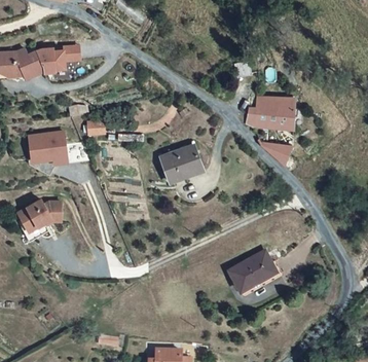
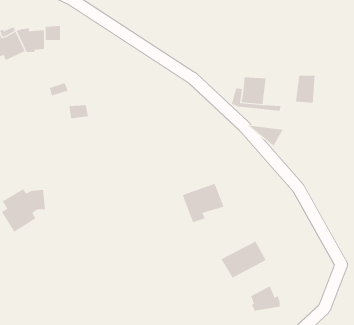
building: [273,97,293,123] -> [295,75,315,103]
building: [29,133,69,176] -> none
building: [161,144,203,182] -> [182,183,225,223]
building: none -> [251,286,280,312]

